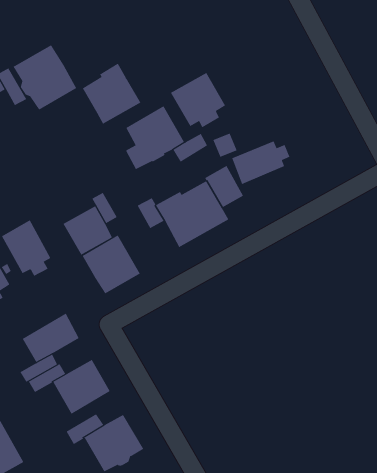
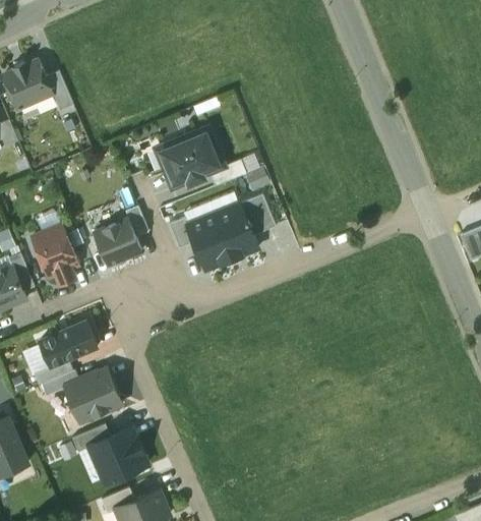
building: [13,45,77,111] -> none
building: [82,63,141,124] -> none
building: [170,72,226,128] -> none
building: [231,141,290,185] -> none
building: [82,234,140,294] -> none

